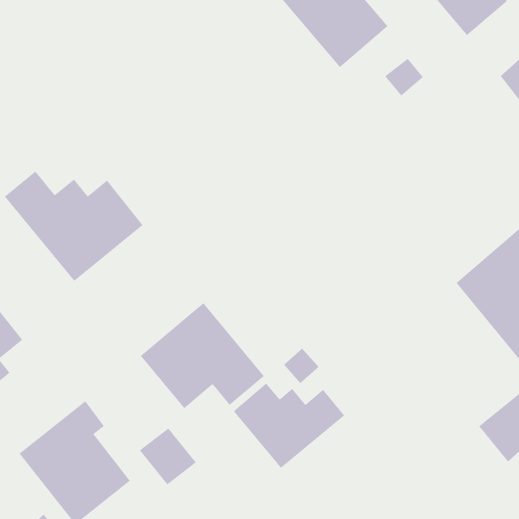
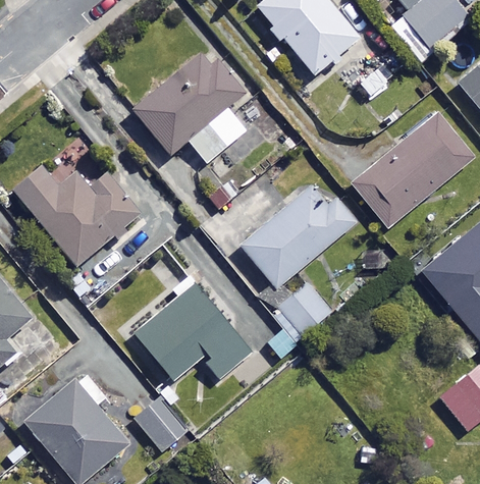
building: none -> [135,49,246,161]
building: none -> [353,116,472,227]
building: none -> [243,191,357,287]
building: [233,382,345,469] -> none

